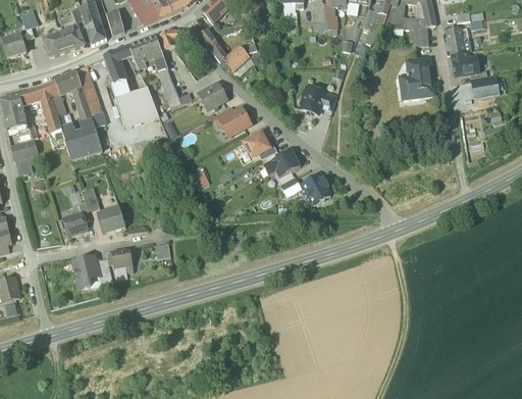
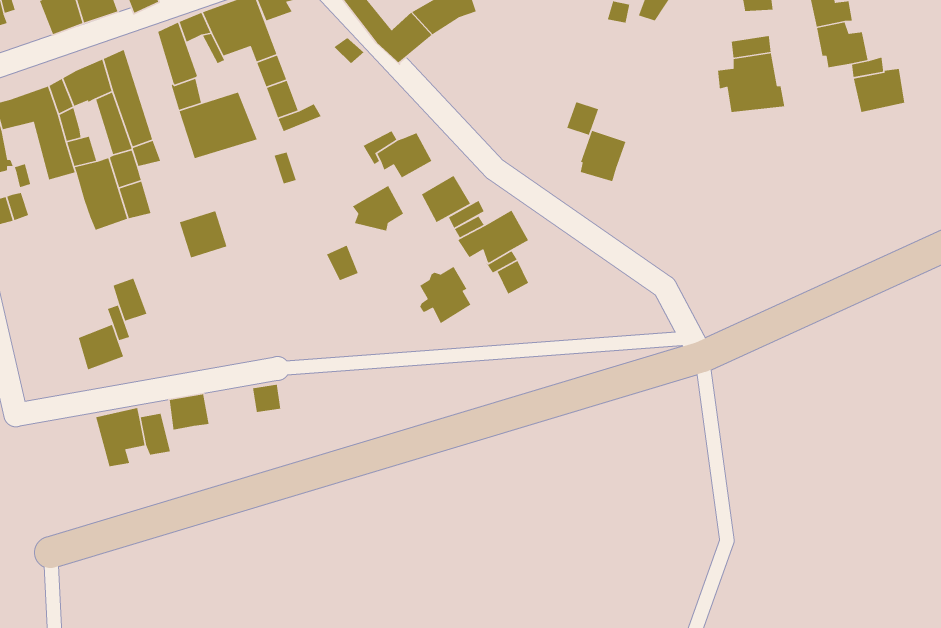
building: [198,84,225,108] -> [352,185,404,231]
building: [300,87,324,114] -> [580,130,626,182]
building: [302,173,329,204] -> [419,266,471,324]
building: [99,206,124,232] -> [179,210,227,259]

